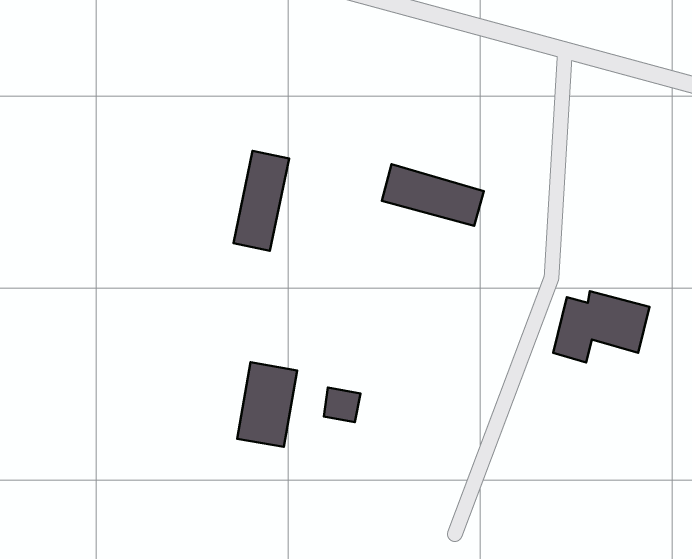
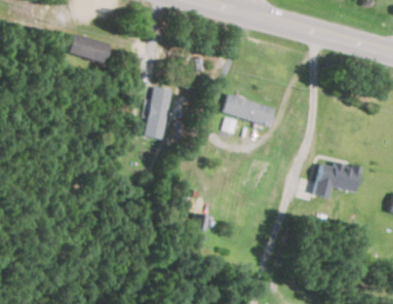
building: none -> [66,32,108,63]
building: [237,362,297,447] -> none

